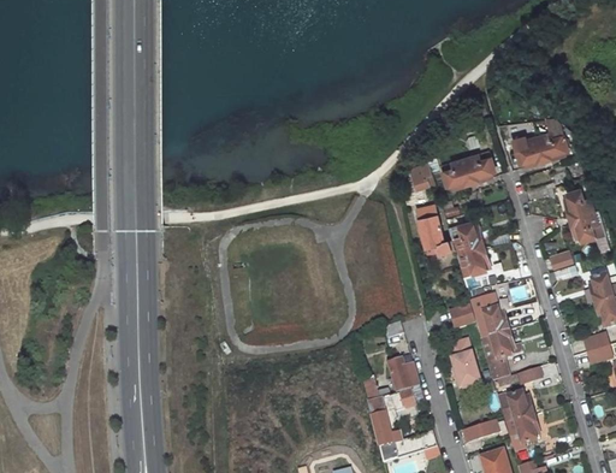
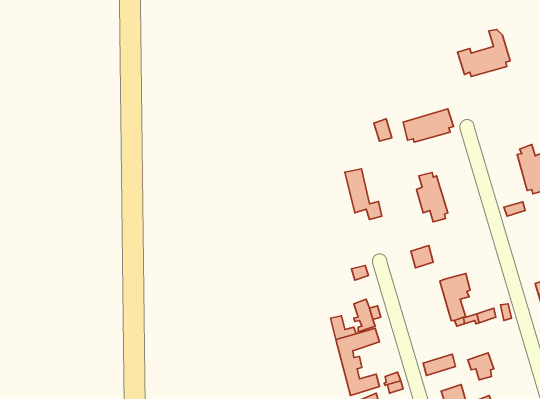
building: [513,118,569,168] -> [458,30,510,77]
building: [416,206,456,260] -> [345,169,382,219]
building: [478,306,509,336] -> none
building: [448,336,480,383] -> none
building: [498,391,533,424] -> none

